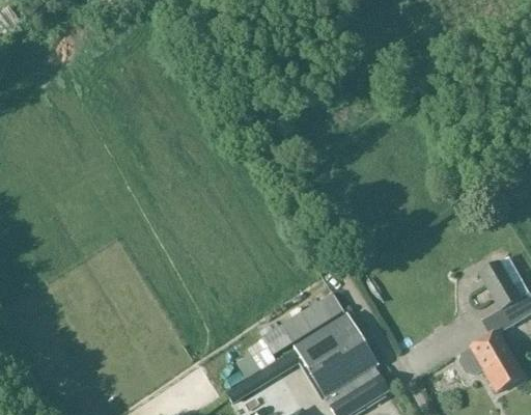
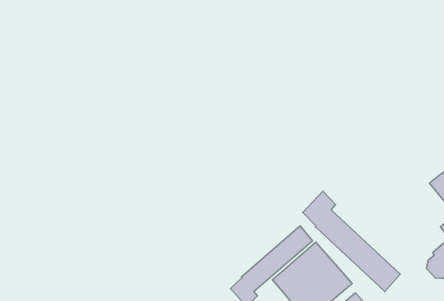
building: none -> [303,191,400,291]

